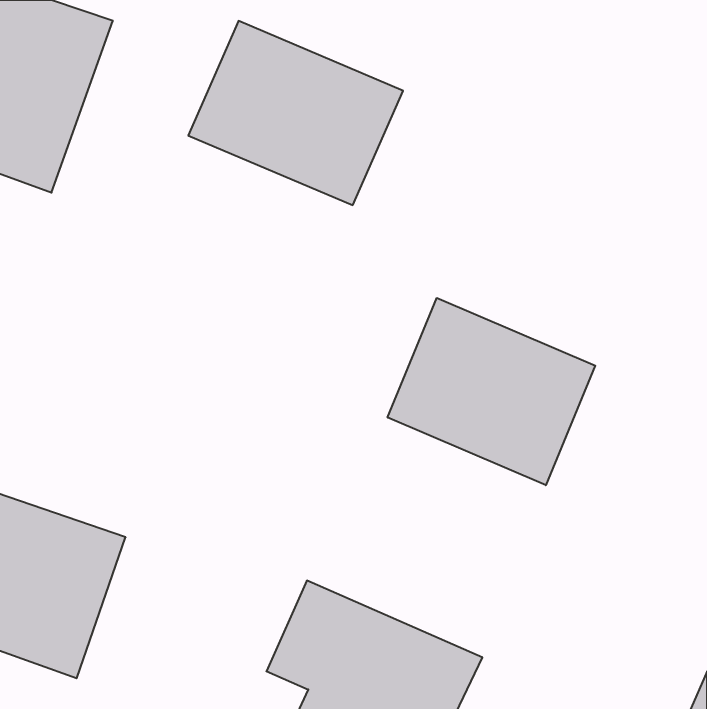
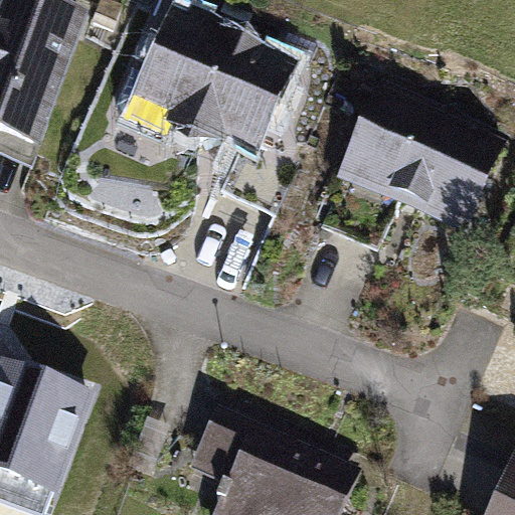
building: none -> [343,94,499,230]
building: [388,298,595,485] -> none

